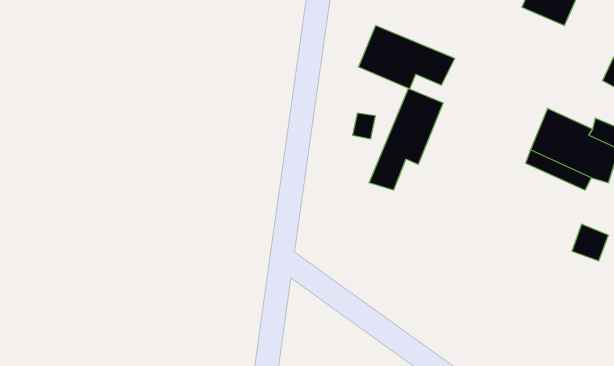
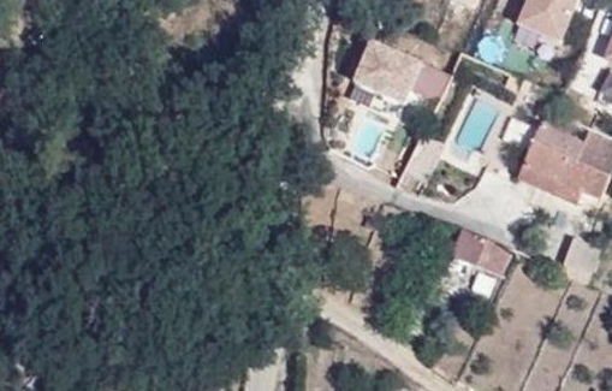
building: [369,88,443,190] -> none
building: none -> [452,232,510,273]

